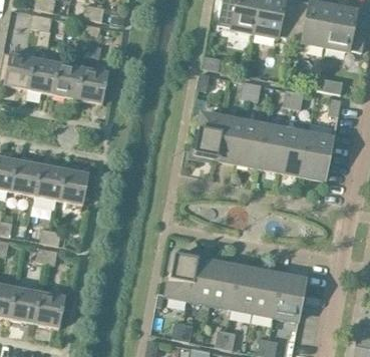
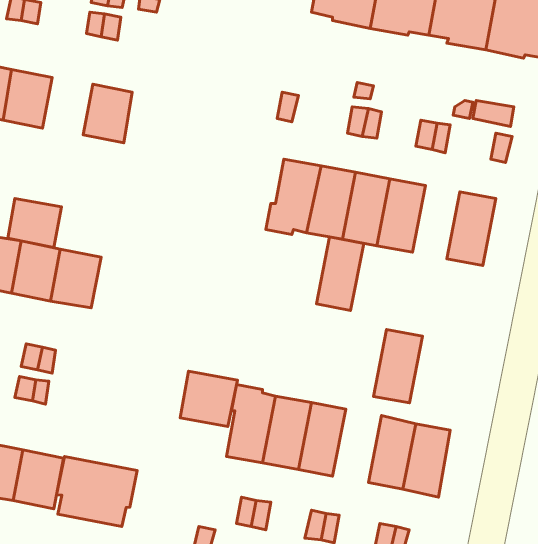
building: [52,63,83,98] -> none
building: [280,129,309,174] -> [316,237,364,310]
building: none -> [8,198,62,248]
building: none -> [180,371,237,426]
building: [231,267,261,312] -> [374,329,422,403]
building: none -> [57,456,137,527]

